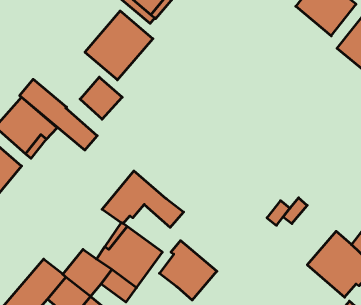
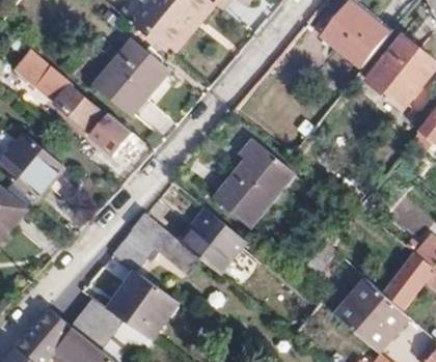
building: [20,79,97,150] -> [17,52,101,129]
building: none -> [214,139,292,225]
building: [159,241,217,300] -> [182,207,244,272]

